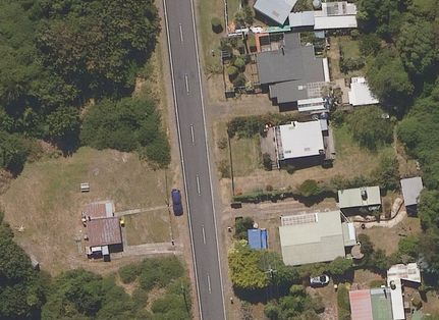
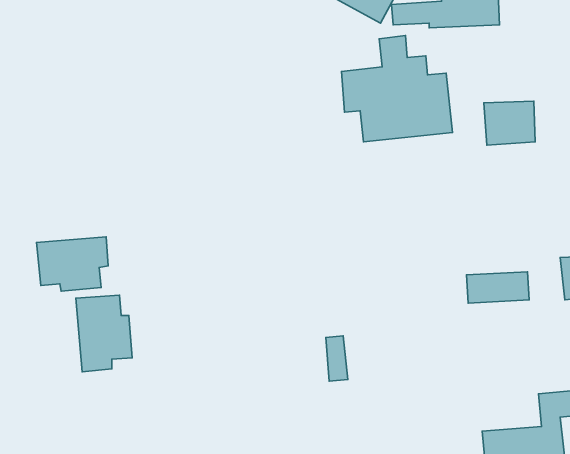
building: [273,118,327,159] -> none
building: none -> [36,237,108,291]
building: [278,211,354,265] -> none

